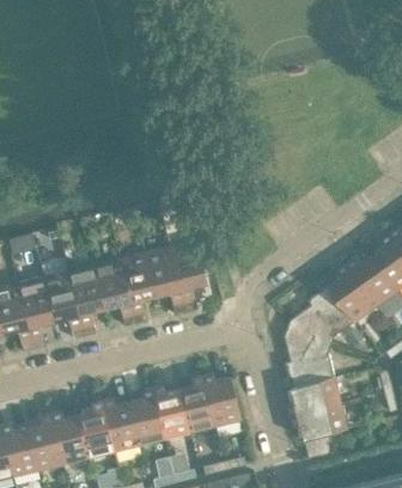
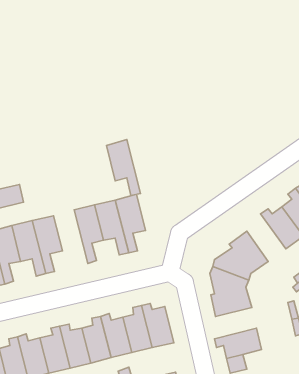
building: [93,258,135,327] -> [106,140,141,195]
building: [330,263,378,322] -> none
building: [288,378,342,416] -> none

